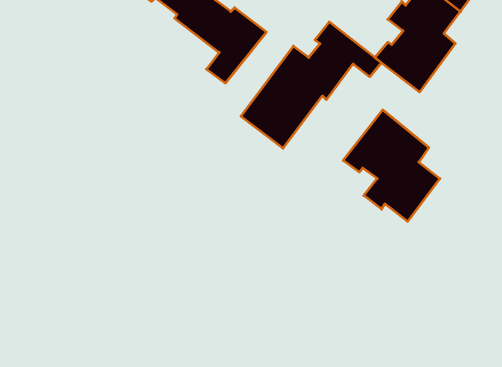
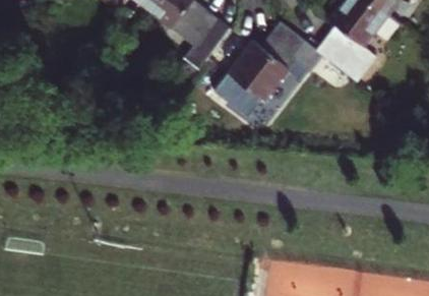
building: [343,110,440,221] -> none

